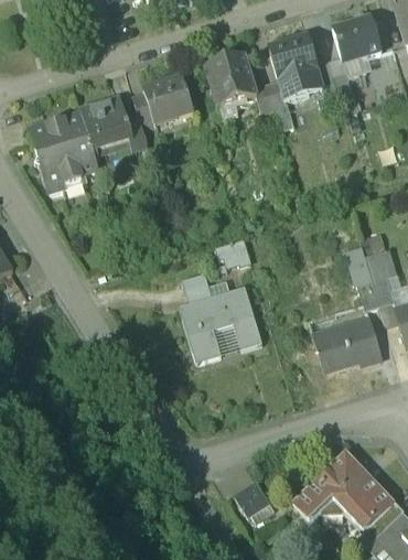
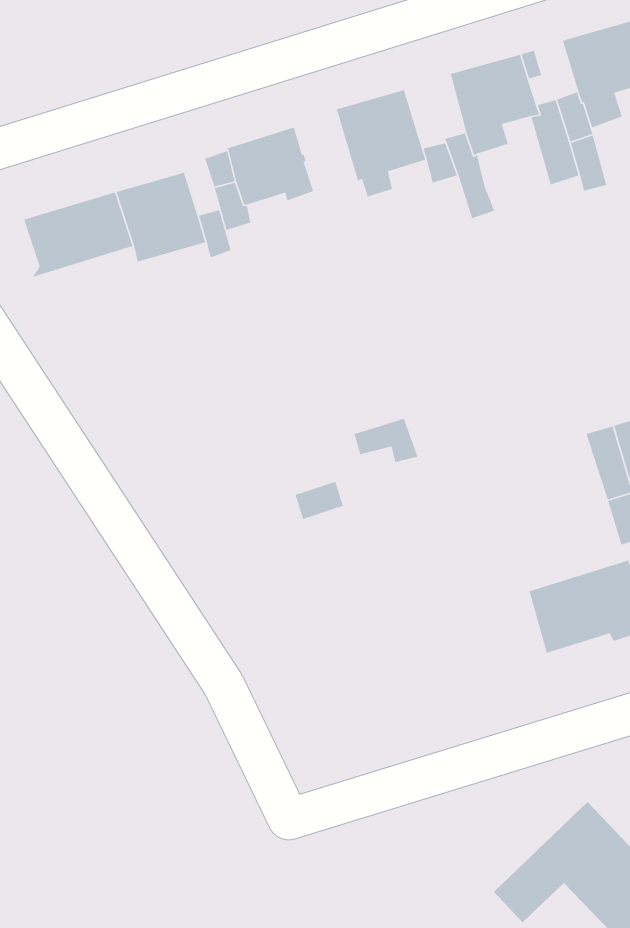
building: [34,142,98,190] -> none
building: [179,287,262,359] -> none
building: [235,480,270,516] -> none

